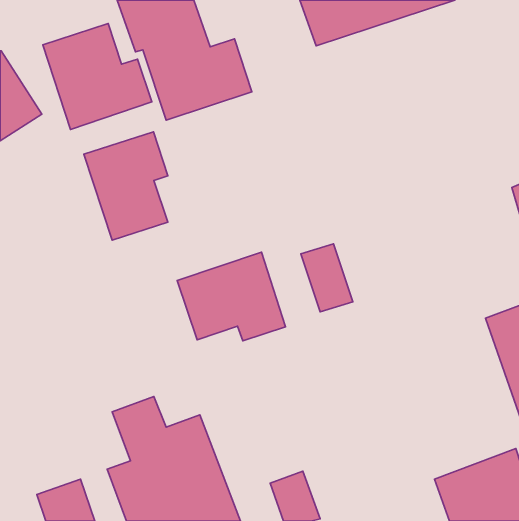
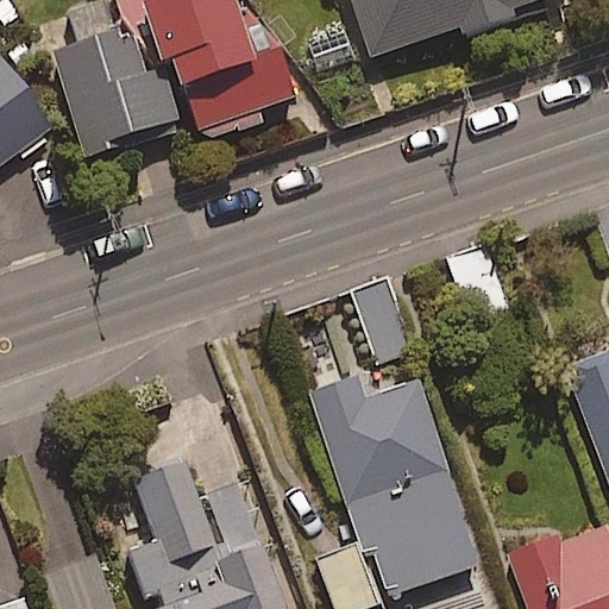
building: [84,132,168,240] -> none
building: [177,252,285,341] -> none
building: none -> [310,377,477,598]

